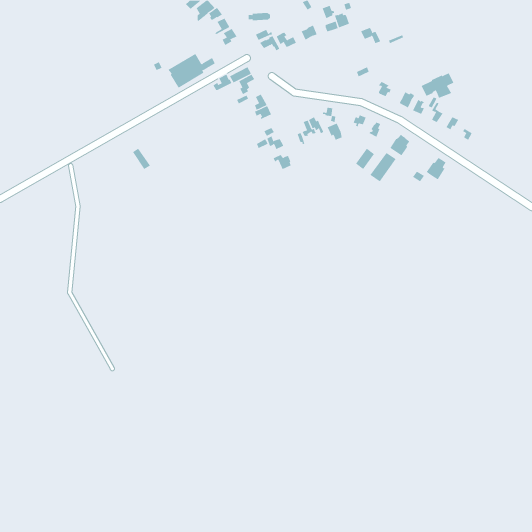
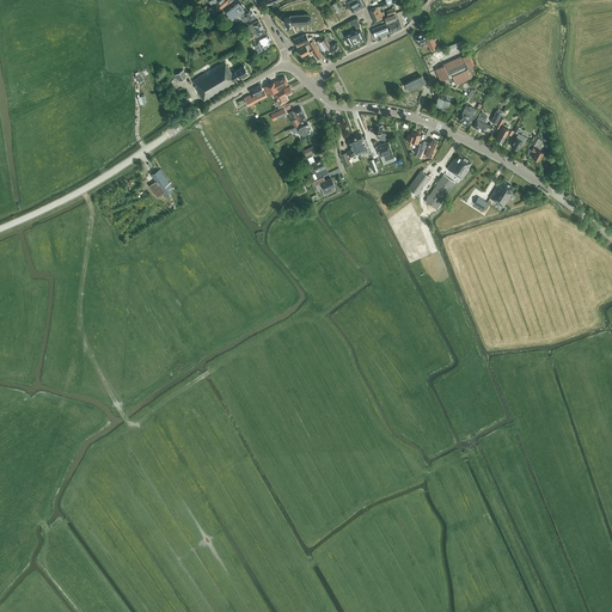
building: [421,72,454,98] -> [435,54,473,84]

